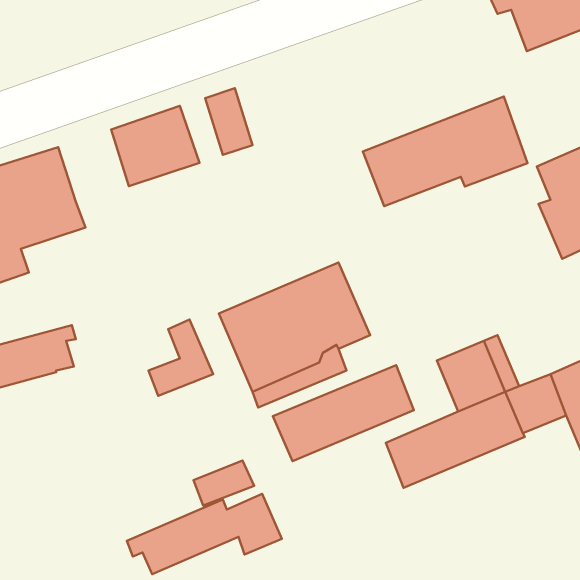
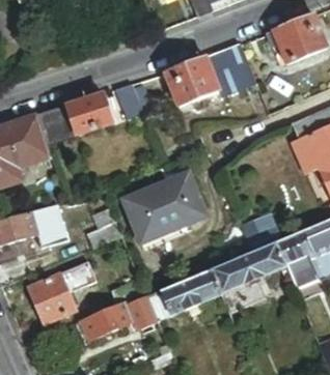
building: [363,97,527,206] -> [165,44,252,102]
building: none -> [37,105,75,143]
building: [273,365,414,461] -> [145,270,220,321]
building: none -> [28,261,94,323]

